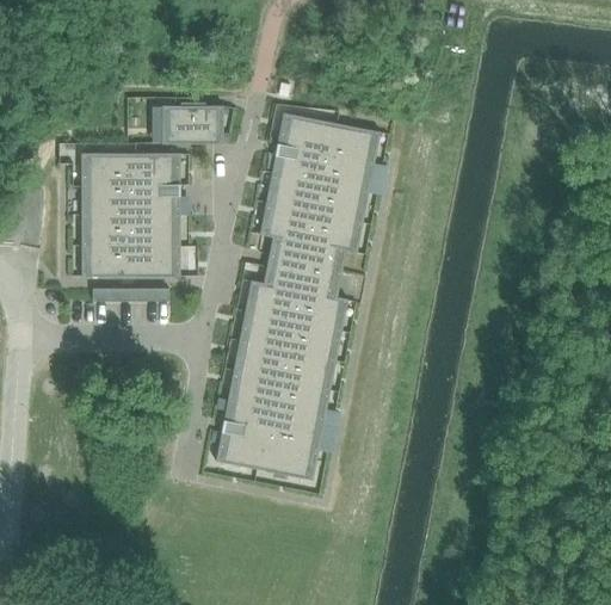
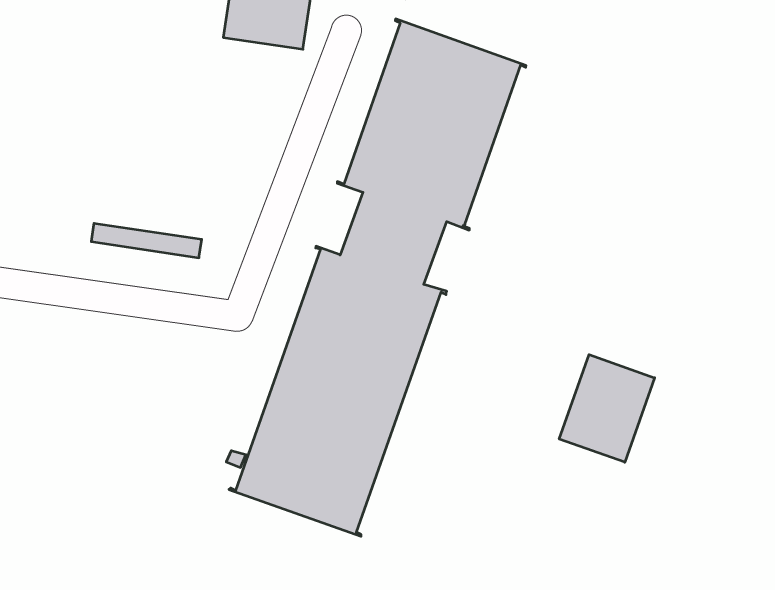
building: [82,152,173,276] -> none
building: none -> [559,355,655,462]

